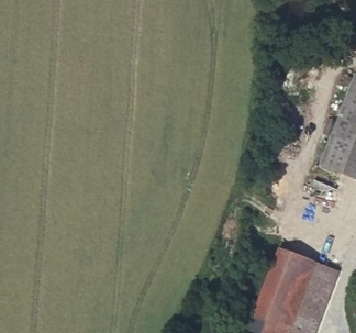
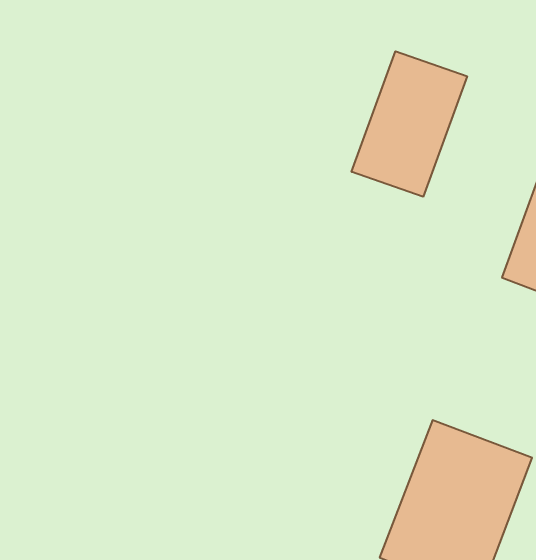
building: none -> [352,51,467,197]

